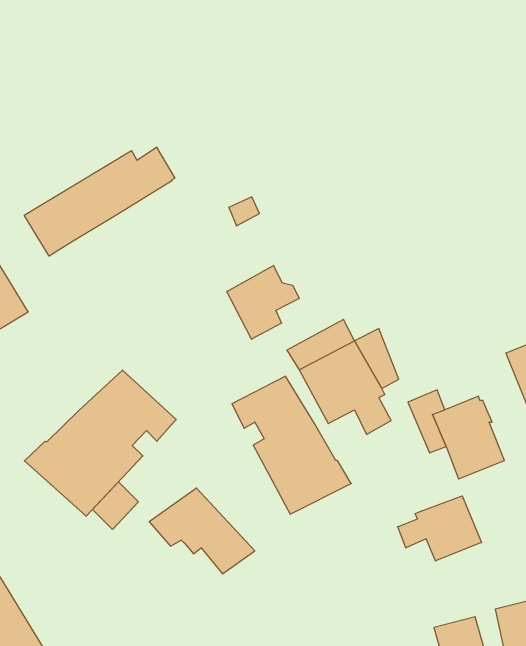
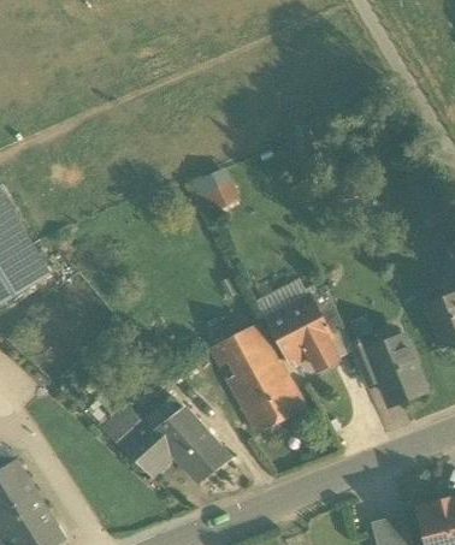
building: [24,147,175,256] -> none
building: [227,265,299,339] -> none
building: [24,370,176,516] -> none
building: [398,496,481,561] -> none
building: none -> [118,438,173,478]

